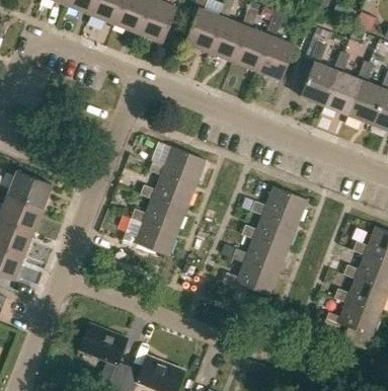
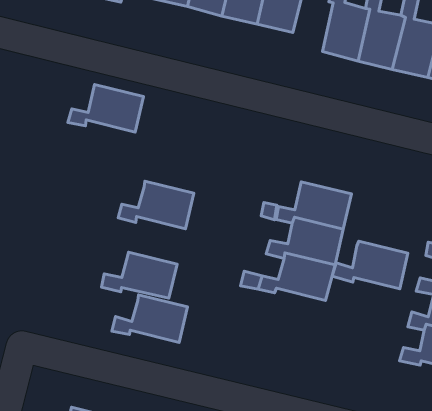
building: [149,147,205,184] -> [68,84,143,132]
building: [131,196,186,233] -> [112,295,187,342]
building: [223,259,279,297] -> [332,241,408,289]

